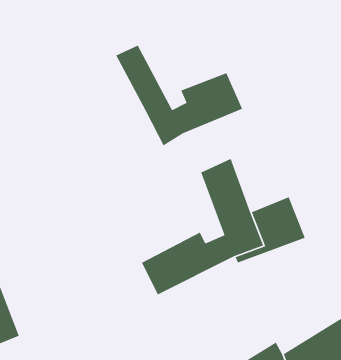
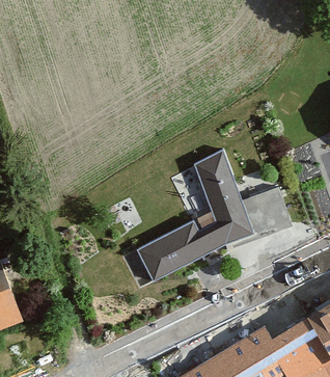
building: [115,44,243,146] -> none

